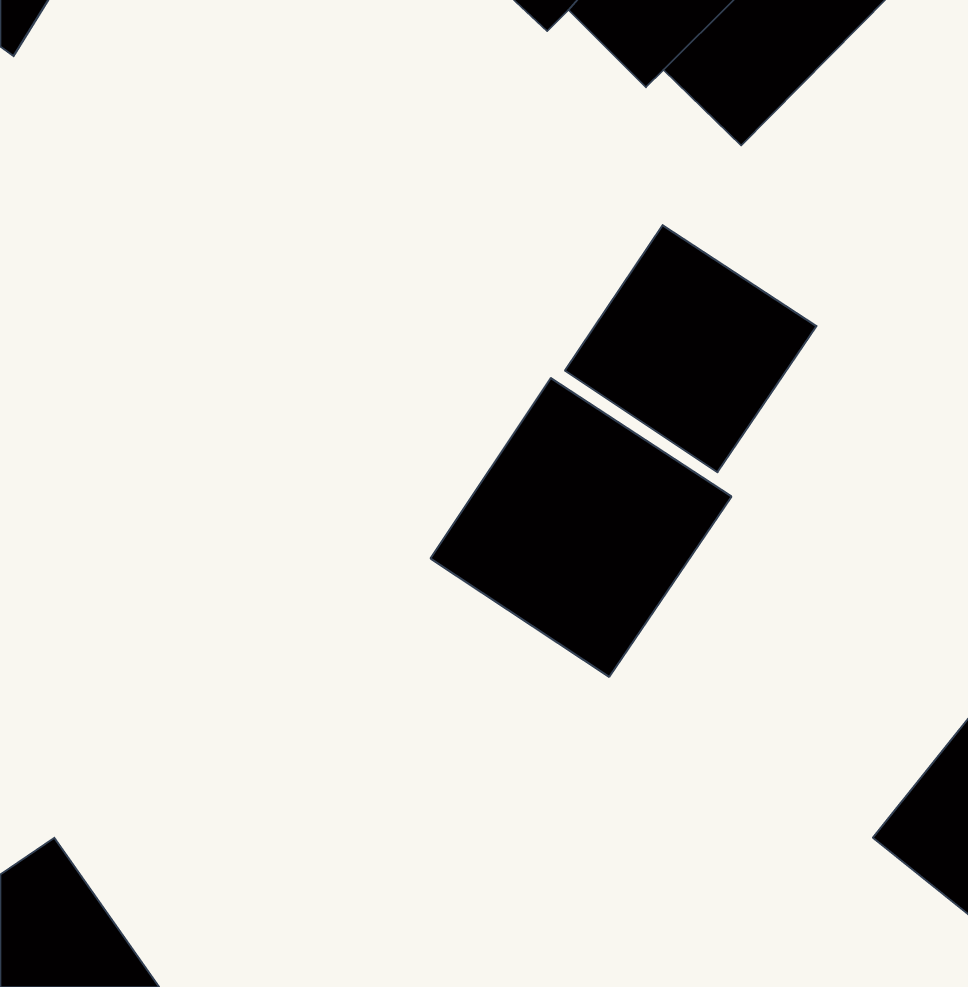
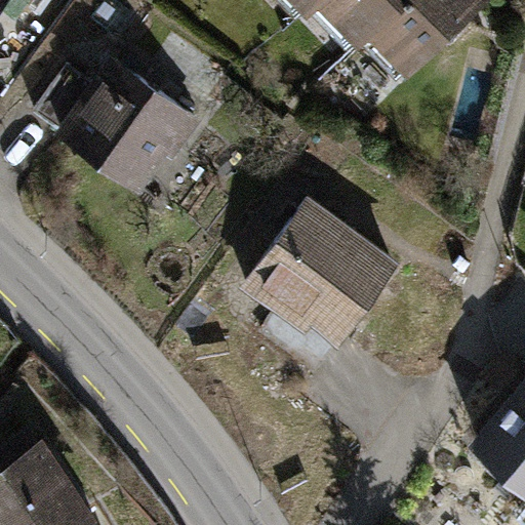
building: none -> [55,52,206,197]
building: [565,225,817,472] -> none

